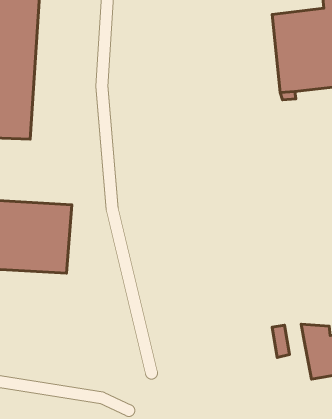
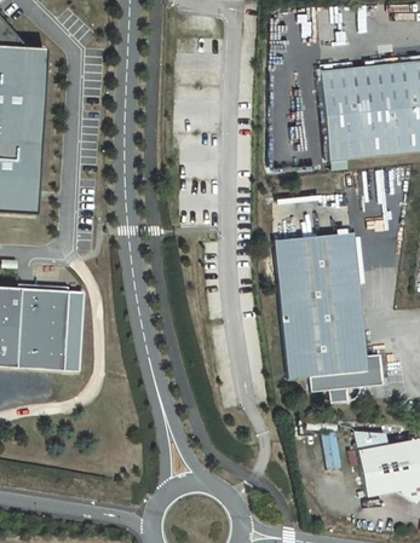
building: none -> [275,231,384,402]

